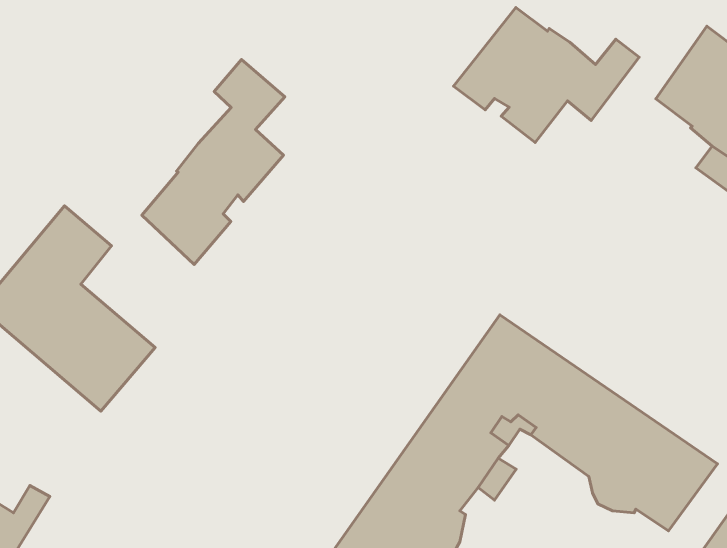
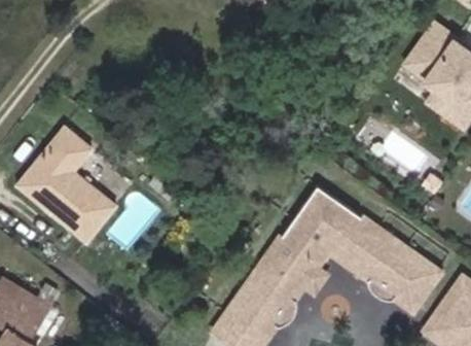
building: [454,7,639,143] -> none
building: [142,60,285,264] -> none

